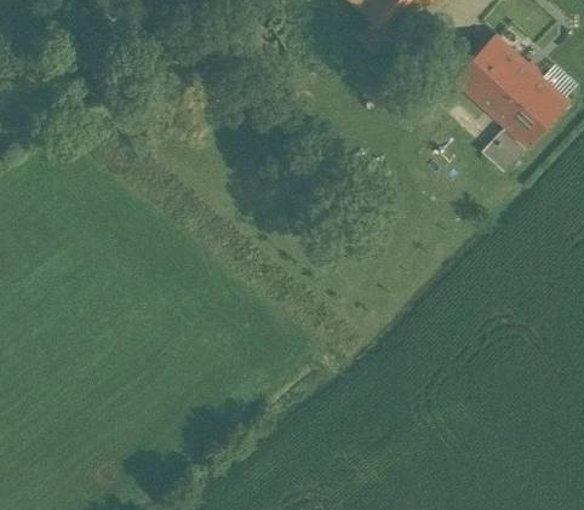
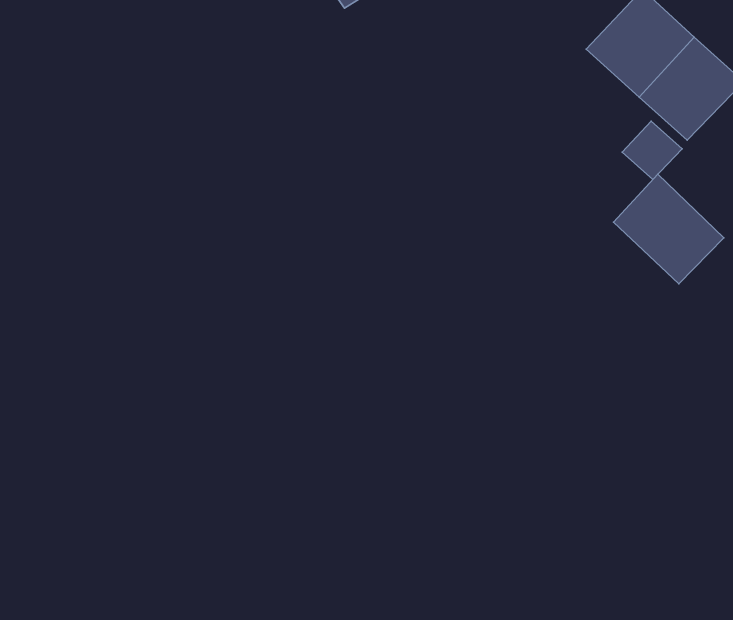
building: none -> [614,174,724,284]

